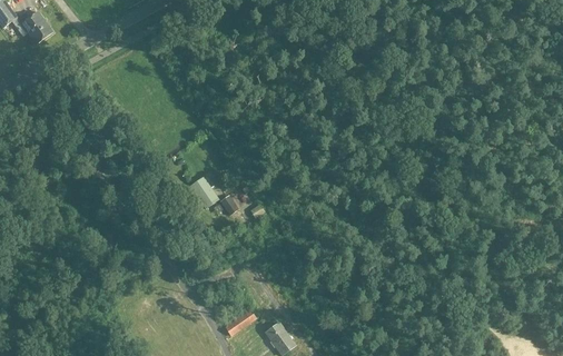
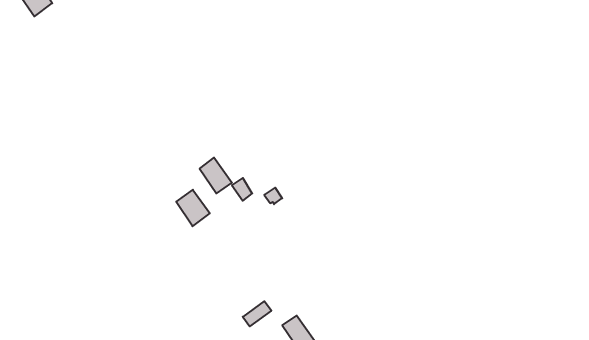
building: none -> [176,190,210,226]

